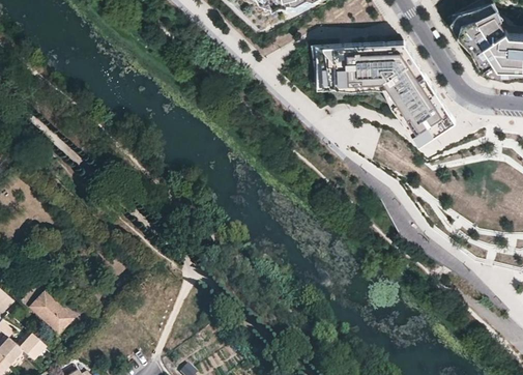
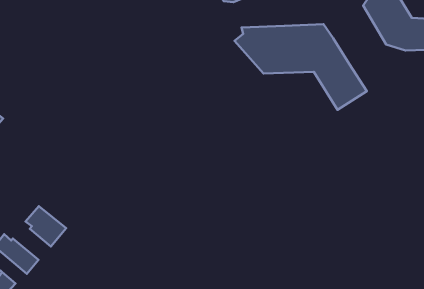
building: none -> [26,206,66,246]

